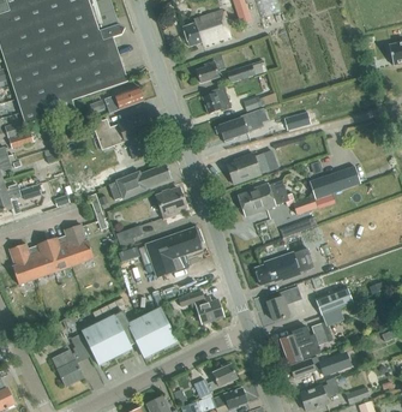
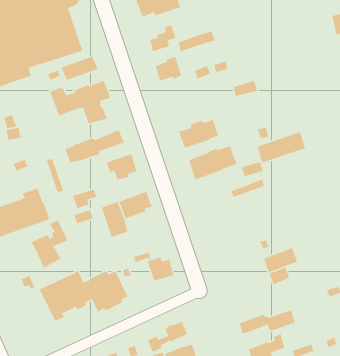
building: [220,108,264,143] -> none
building: [254,249,314,286] -> none
building: [266,287,302,321] -> none
building: [280,323,328,364] -> none
building: [52,334,91,386] -> [31,219,68,268]

